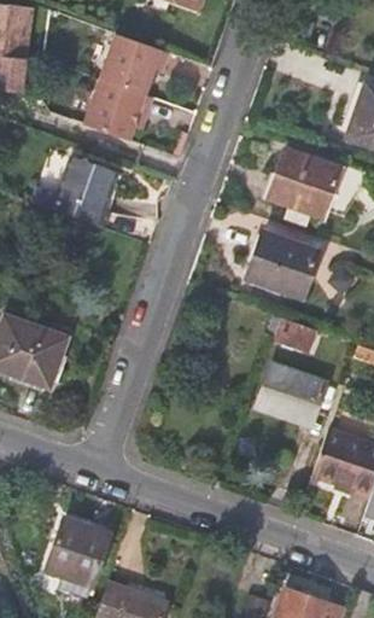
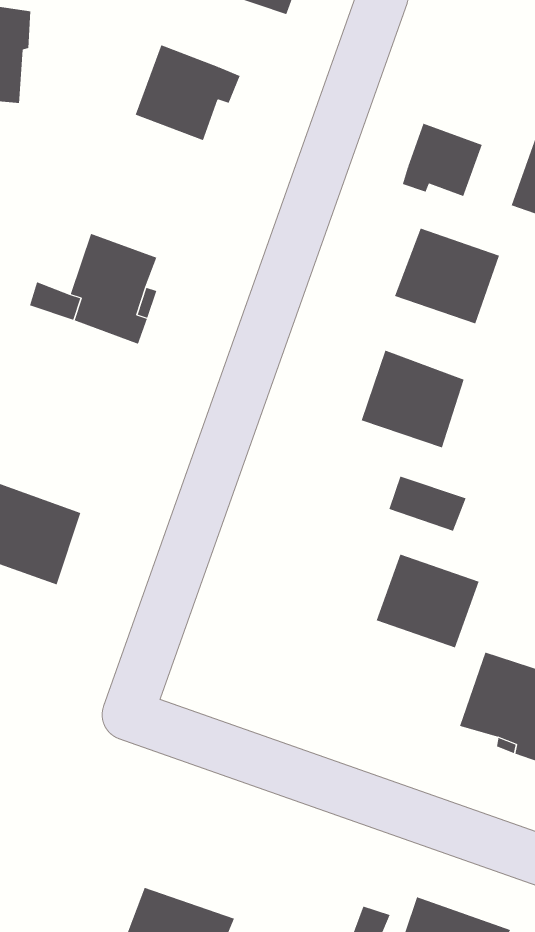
building: [82,78,152,141] -> none
building: none -> [402,123,482,197]
building: [46,517,109,599] -> none

